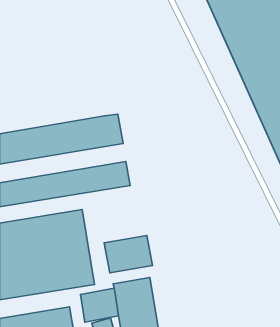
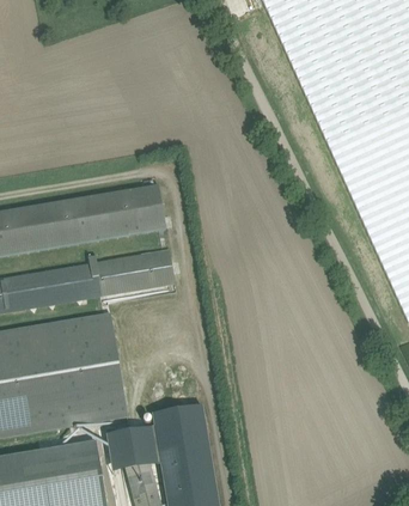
building: [104,236,153,273] -> none

